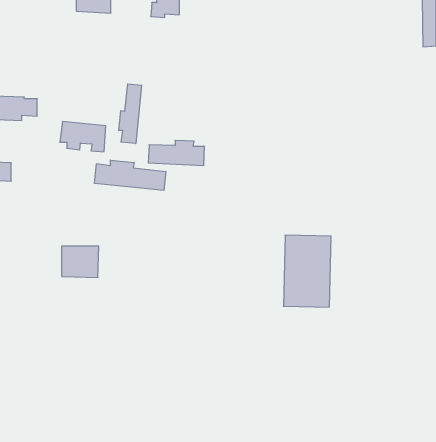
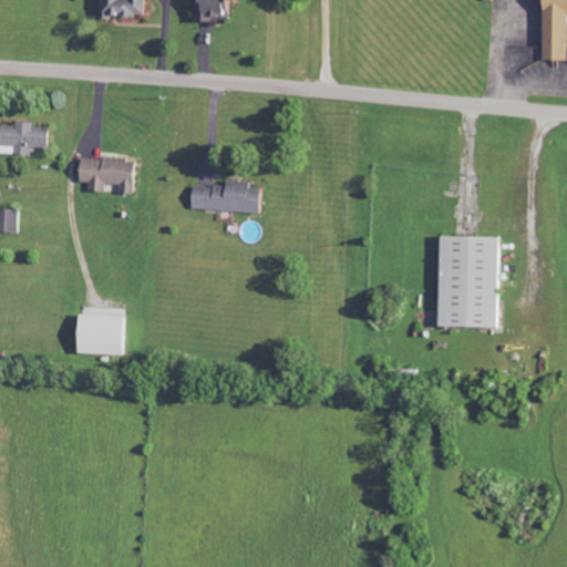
building: [119,84,142,144] -> none
building: [95,160,166,190] -> none
building: [283,235,331,307] -> [439,235,499,327]

